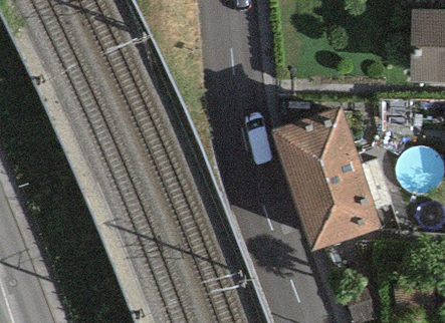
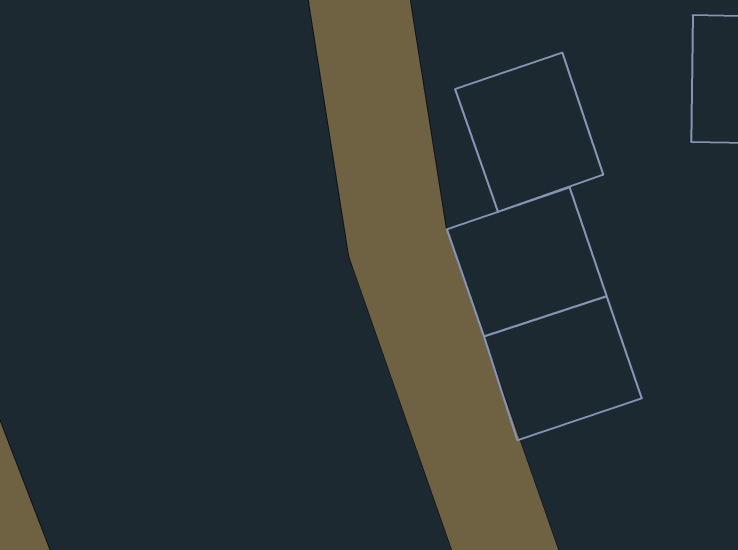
building: none -> [455,53,603,212]

